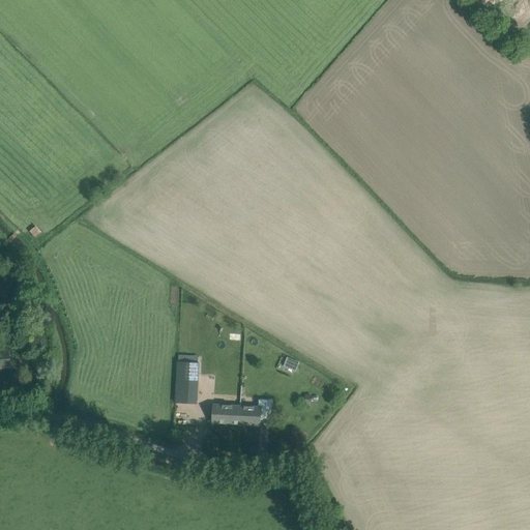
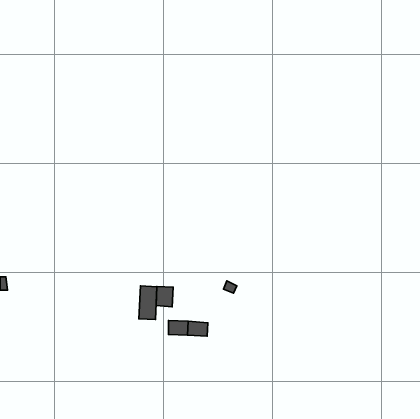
building: none -> [156,287,173,307]

